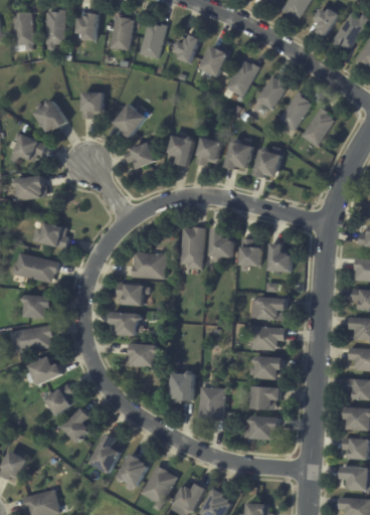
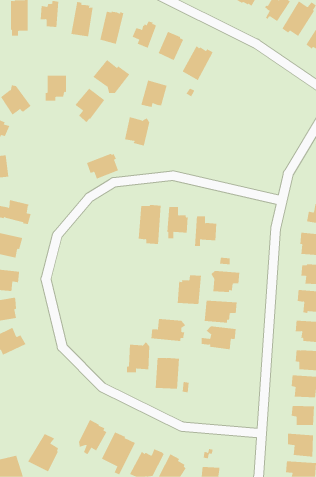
building: none -> [92,59,130,94]
building: [255,74,288,109] -> none
building: [278,90,312,130] -> none
building: [301,107,333,146] -> none
building: [195,136,223,165] -> [141,80,167,108]
building: [224,138,252,169] -> none
building: [125,142,159,169] -> [86,153,119,179]
building: [253,146,282,177] -> none
building: [268,242,292,271] -> none
building: [133,247,167,279] -> none
building: [117,283,149,305] -> none
building: none -> [177,274,202,305]
building: [111,312,142,336] -> none
building: [123,344,160,368] -> [151,318,186,341]
building: [45,383,72,415] -> none
building: [251,385,281,409] -> none
building: [63,407,92,443] -> none
building: [240,415,279,440] -> none
building: [87,432,121,473] -> [27,433,59,472]

